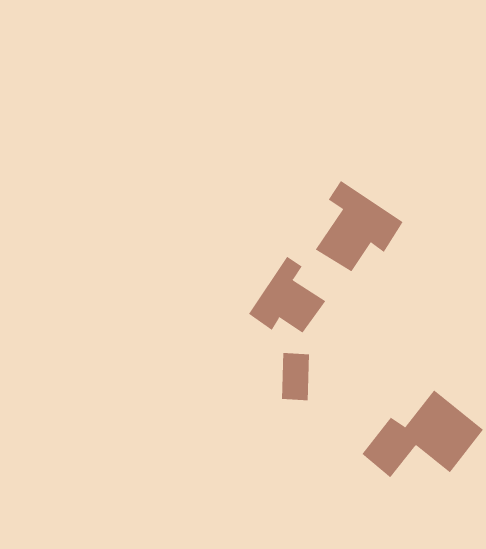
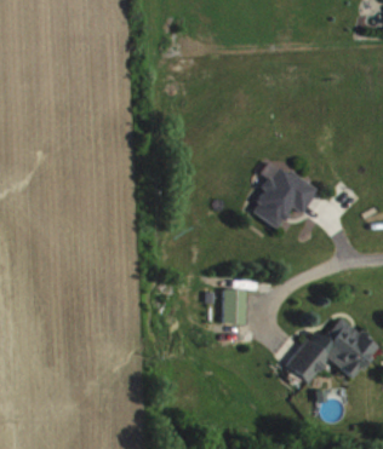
building: [248,256,326,334] -> none

